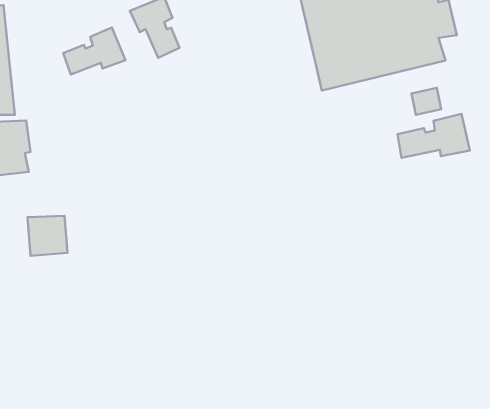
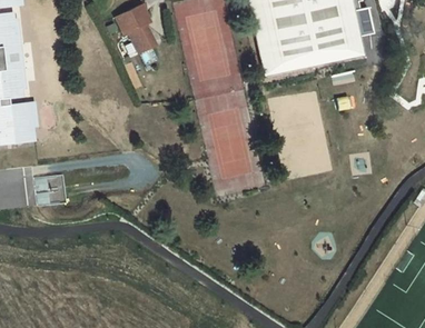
building: [63,27,125,74] -> none
building: [397,114,470,158] -> none

